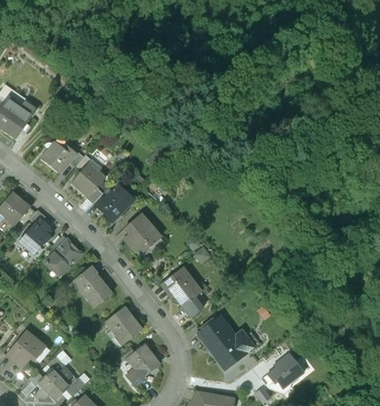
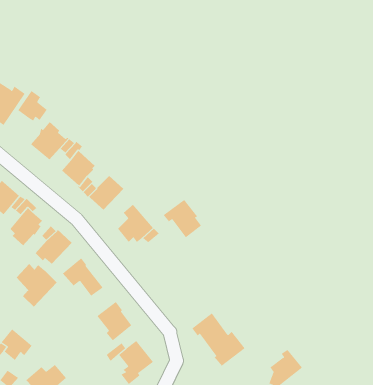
building: none -> [18,90,47,121]
building: [160,268,198,305] -> [163,199,202,238]
building: none -> [16,263,58,308]

